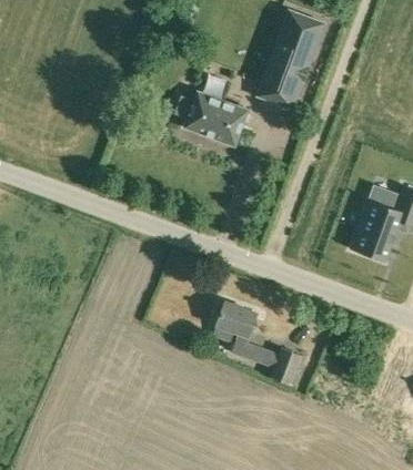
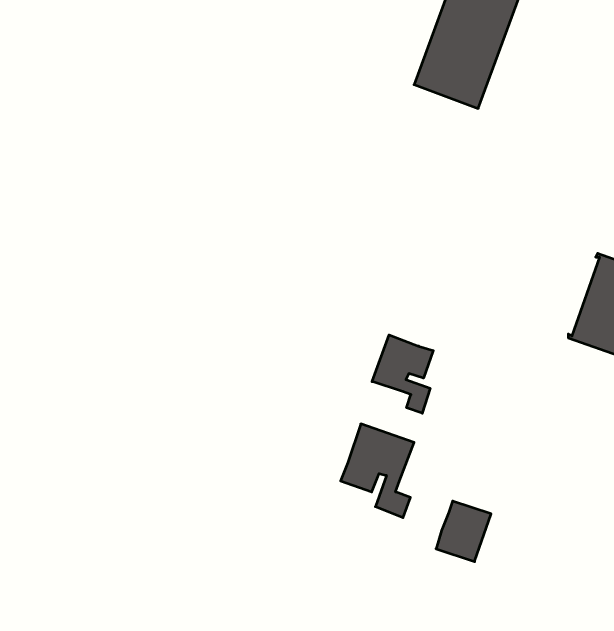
building: [175,92,248,145] -> none
building: none -> [372,335,433,413]

